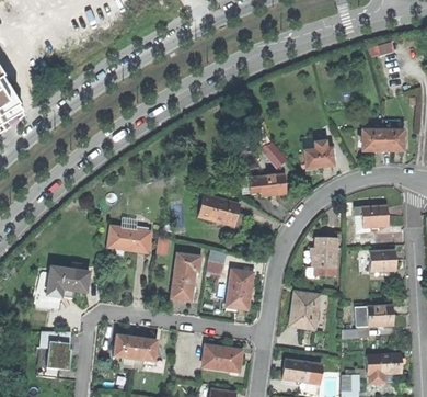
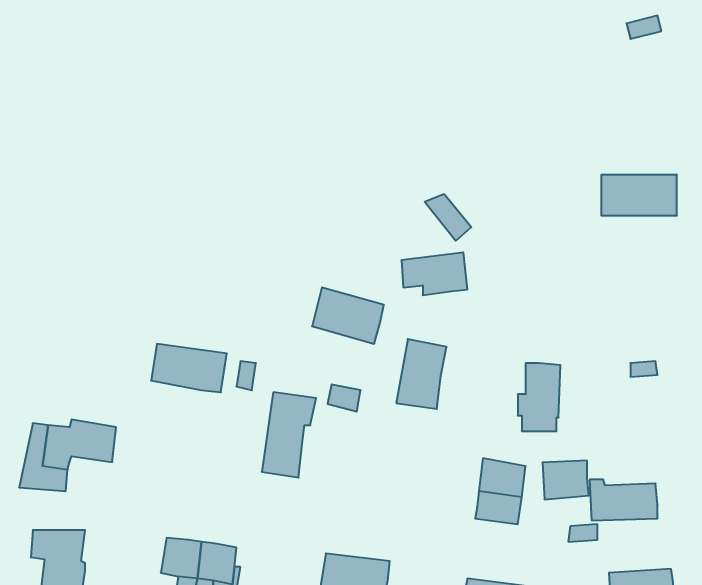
building: [304,149,334,170] -> none
building: [356,204,389,226] -> none
building: [370,249,396,271] -> [542,461,589,499]
building: [226,269,254,308] -> [396,339,447,409]

